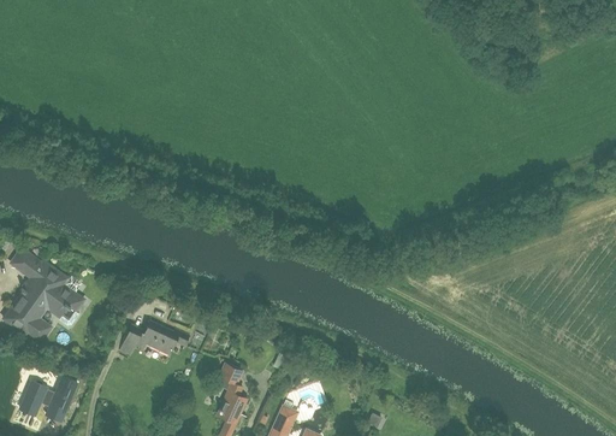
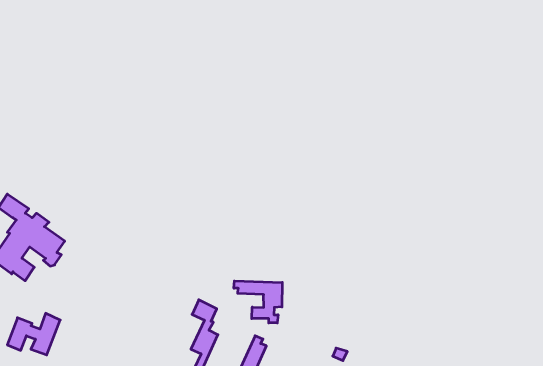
building: [118,318,186,355] -> none
building: none -> [234,281,282,323]

